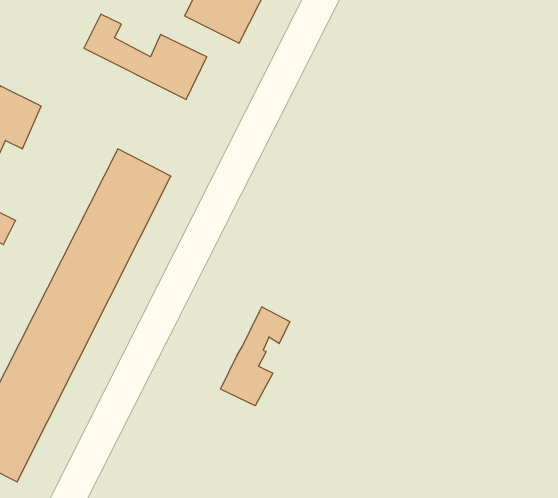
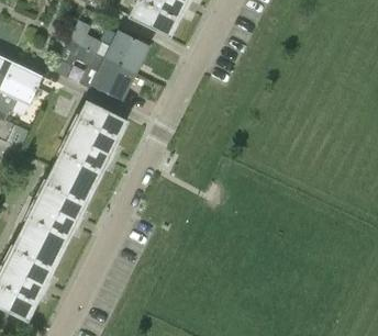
building: none -> [57,38,133,99]
building: [220,307,290,406] -> none

